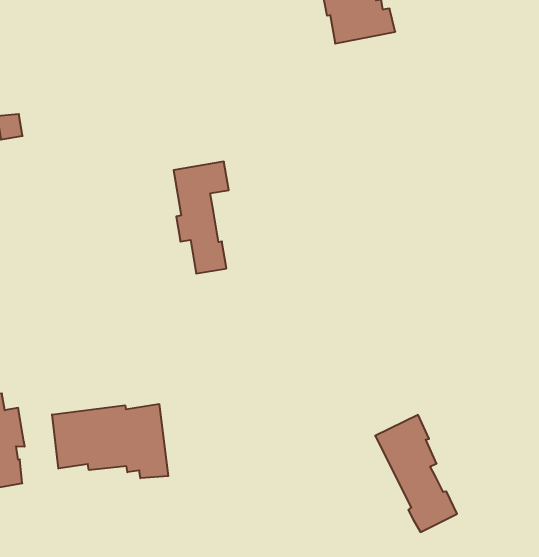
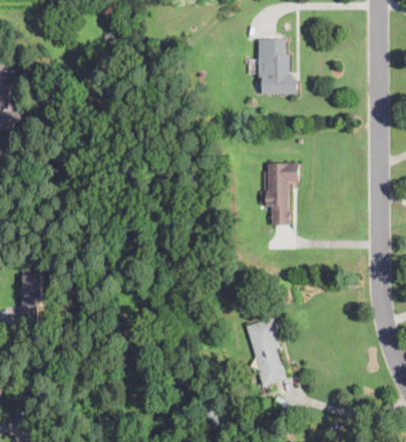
building: [174,162,229,273] -> [265,163,298,226]
building: [52,404,168,478] -> none

